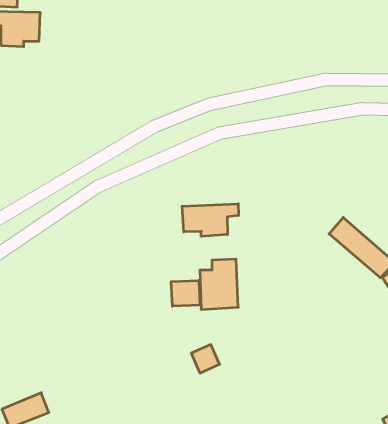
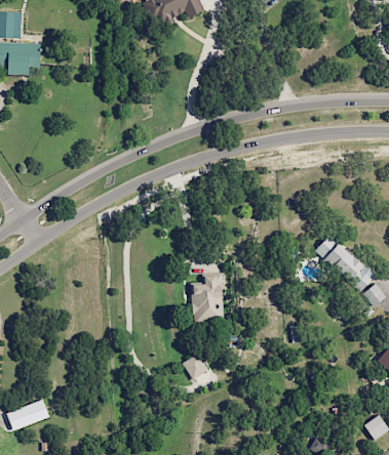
building: [182,204,238,236] -> none
building: [171,280,200,306] -> none

